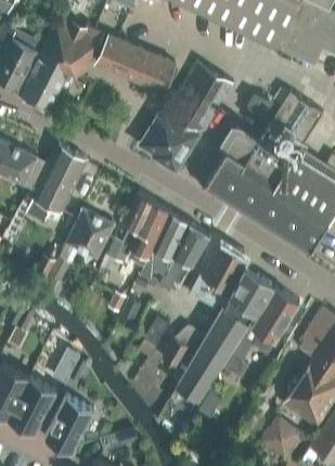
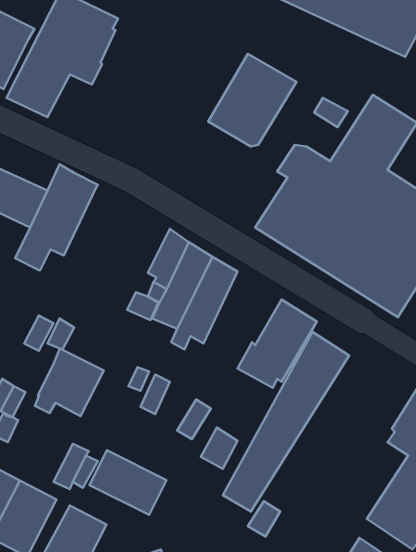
building: [99,37,175,92] -> none
building: [139,111,198,171] -> none
building: [63,207,114,257] -> [35,348,104,416]
building: [160,222,210,289] -> none
building: [224,285,300,376] -> none
building: none -> [90,450,166,515]

